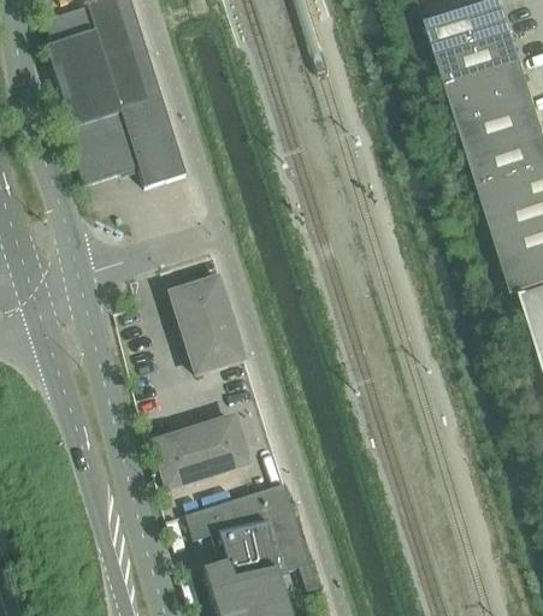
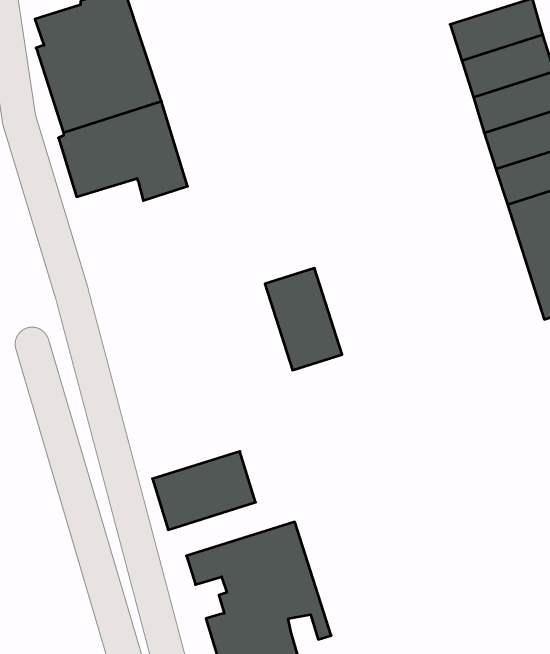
building: [171,278,242,372] -> [265,268,342,370]

